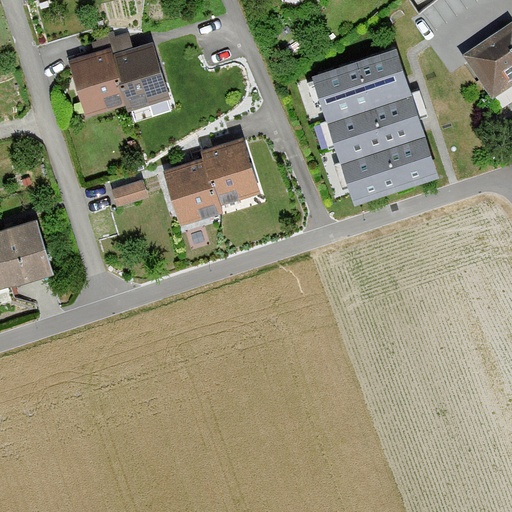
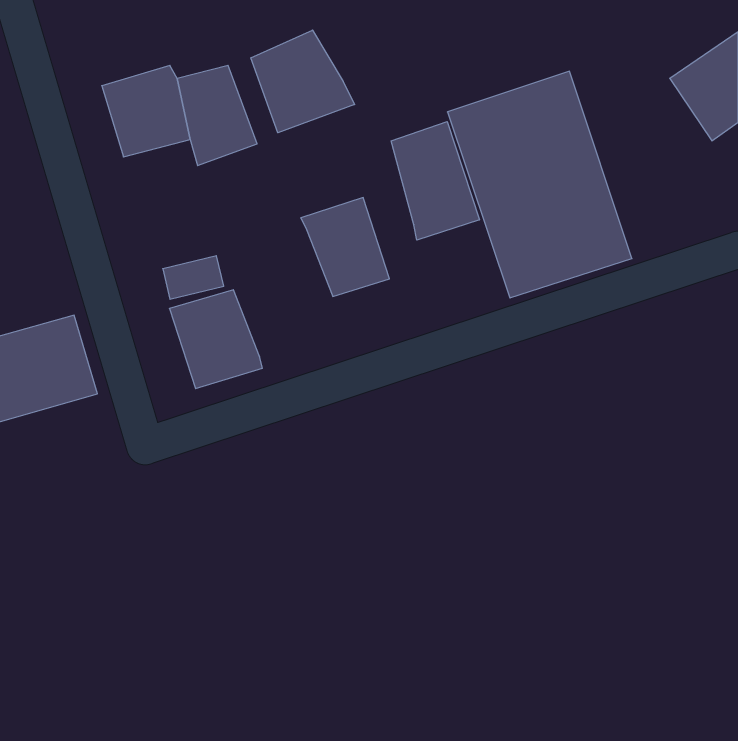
building: none -> [251,30,355,133]
building: none -> [391,122,479,240]
building: [167,158,231,226] -> [169,290,262,389]

